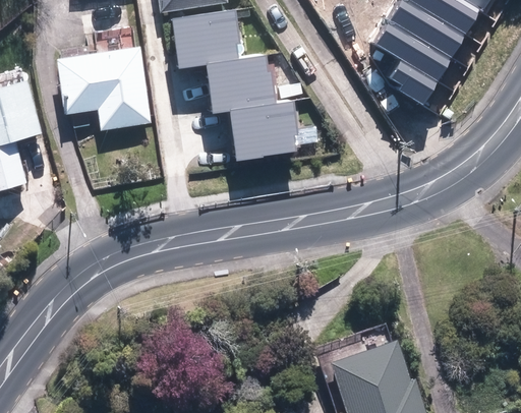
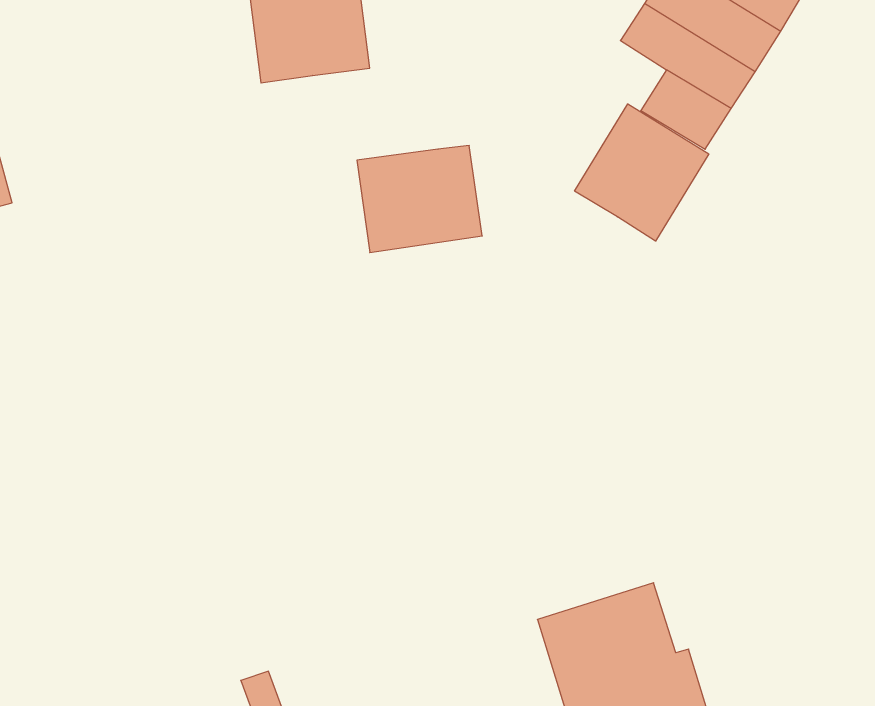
building: [57,48,148,129] -> none
building: [207,54,276,111] -> none
building: none -> [575,104,709,241]

